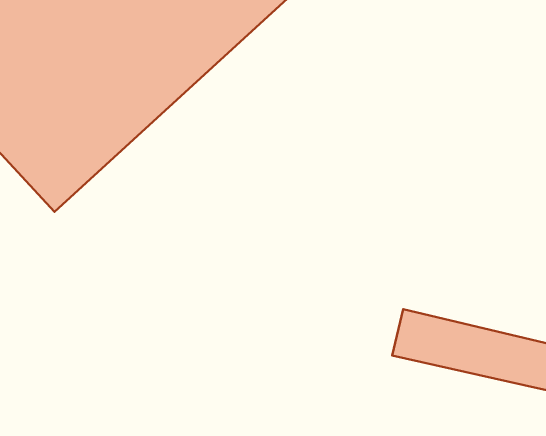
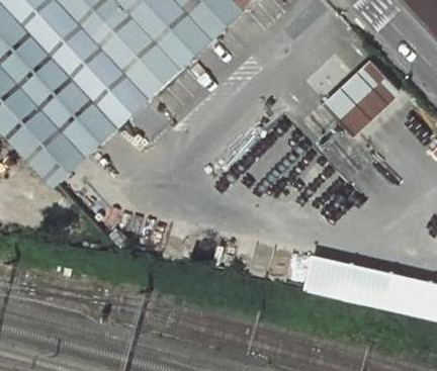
building: none -> [322,59,404,136]

